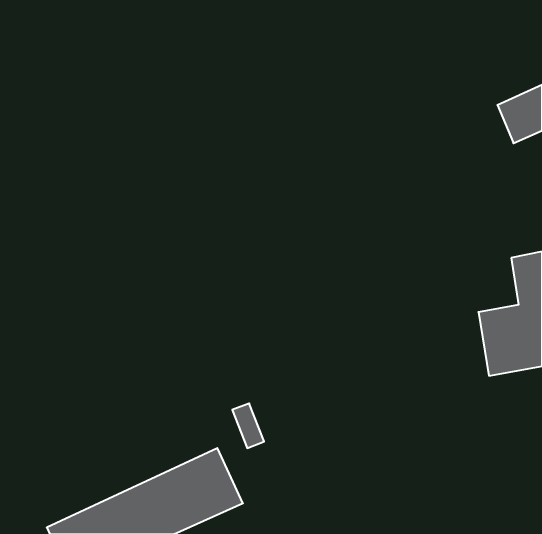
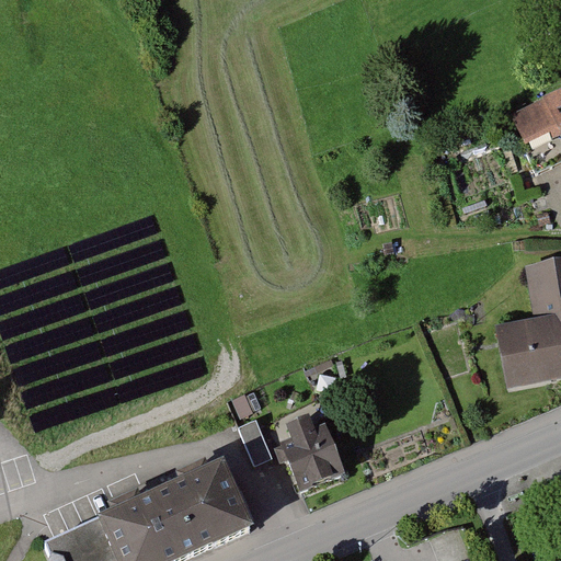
building: none -> [282,417,342,488]

